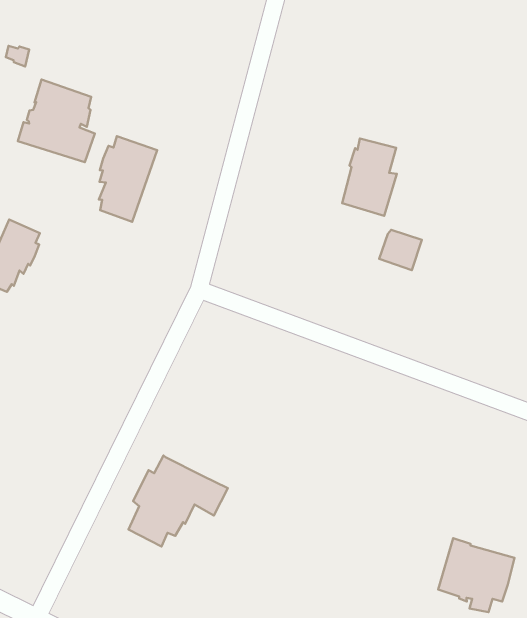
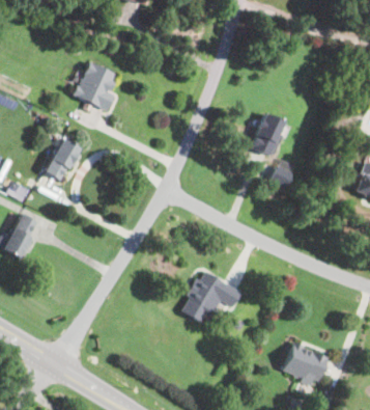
building: [99,136,157,222] -> none
building: [128,456,228,546] -> [182,271,240,322]

